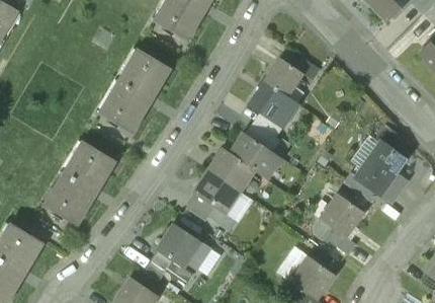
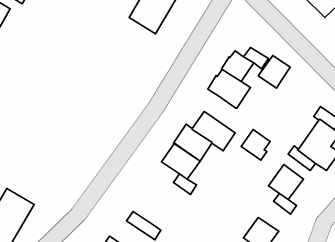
building: [99,51,169,133] -> none
building: none -> [258,55,290,88]
building: [247,115,281,151] -> [241,129,270,160]
building: [45,145,113,225] -> none
building: [160,227,210,271] -> none

